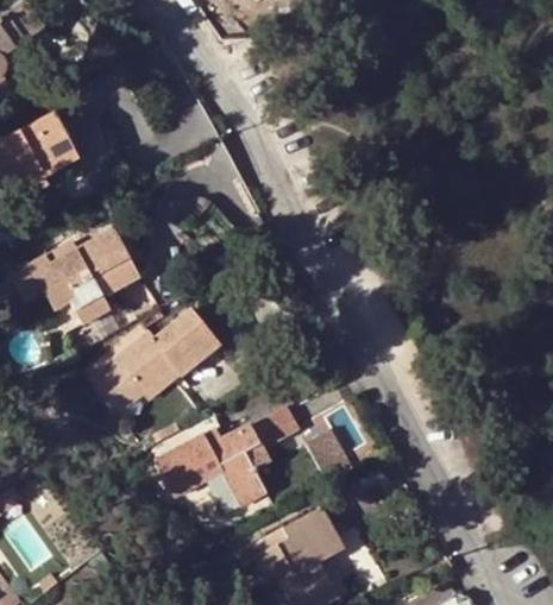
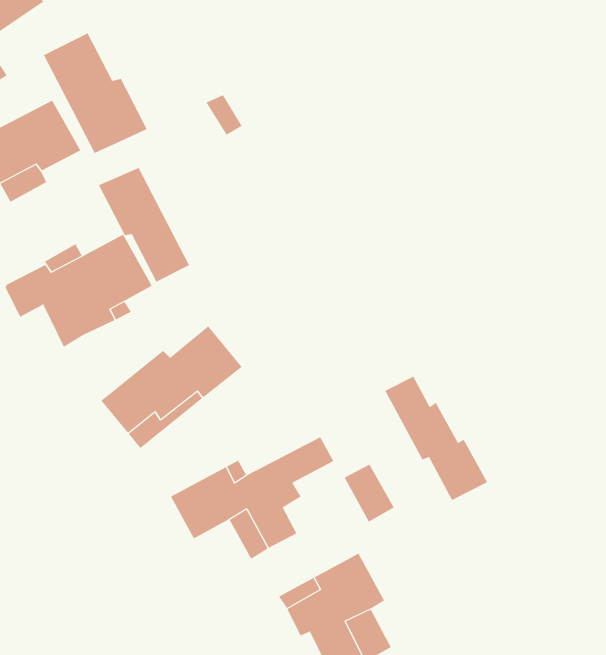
building: none -> [43,32,148,154]
building: none -> [98,167,190,282]
building: none -> [385,376,488,501]

